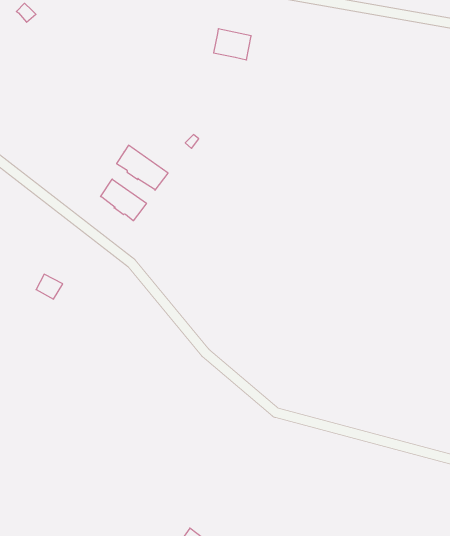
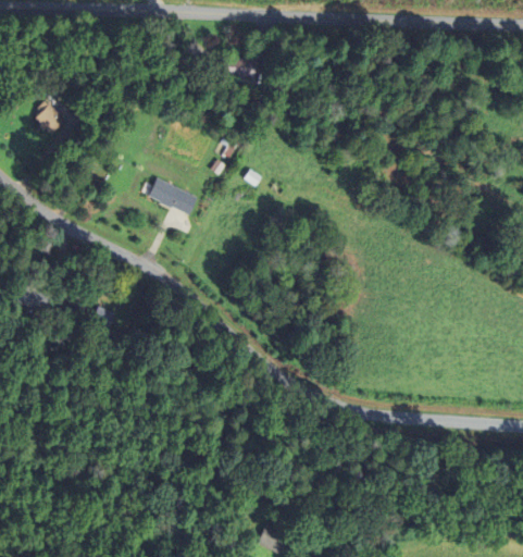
building: none -> [35,100,64,133]
building: [101,179,146,221] -> none

